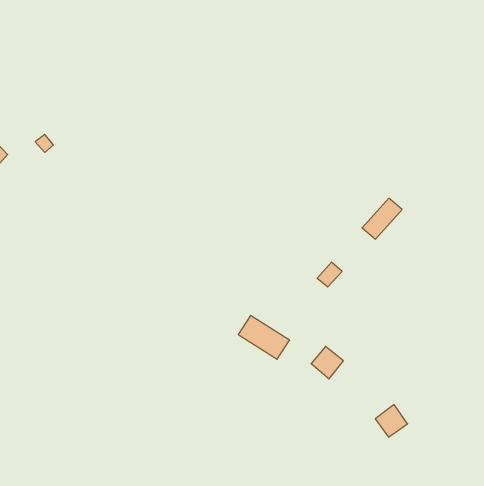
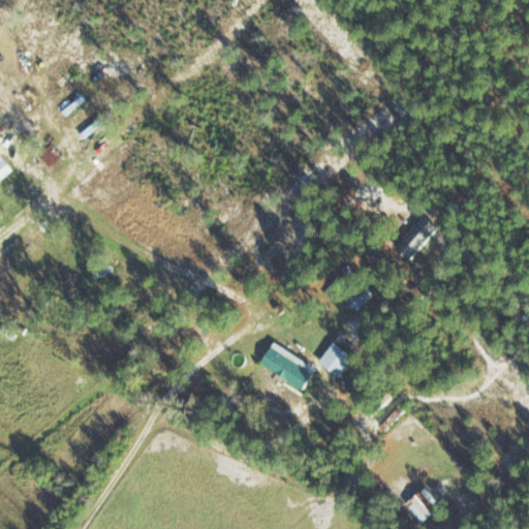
building: [311,346,343,379] -> [317,343,352,378]
building: [375,405,408,437] -> [404,487,439,522]

